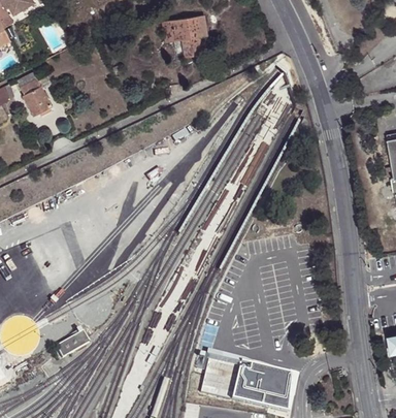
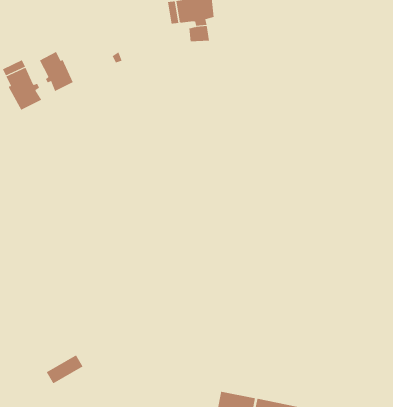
building: none -> [39,51,73,92]

